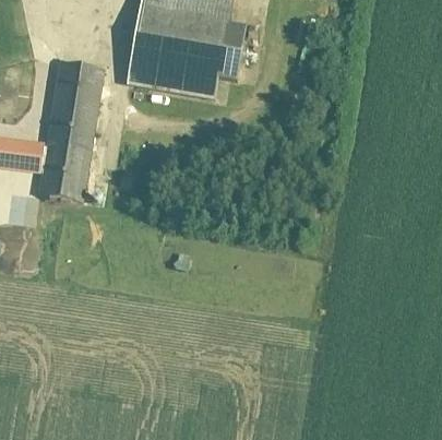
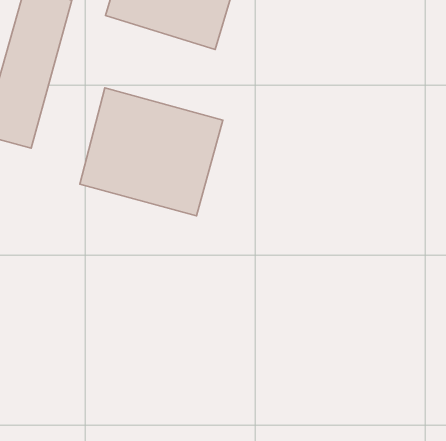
building: none -> [80,88,223,216]

